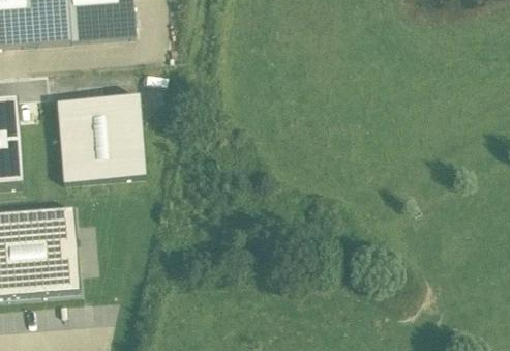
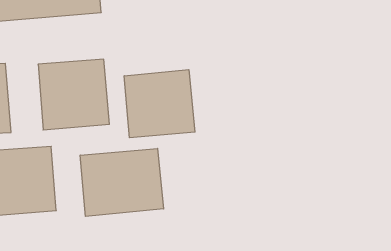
building: none -> [124,70,195,138]
building: none -> [80,148,164,216]

